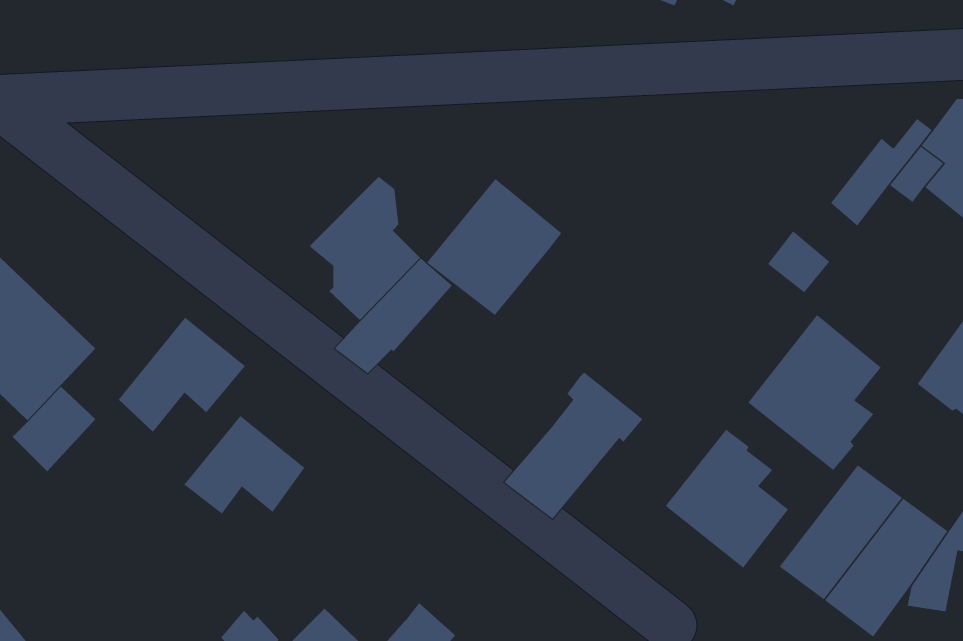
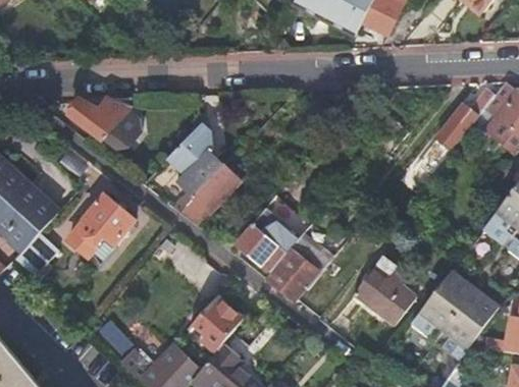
building: none -> [67,98,141,149]
building: [426,178,562,316] -> [236,199,306,270]
building: [747,314,881,471] -> none
building: [184,415,305,515] -> none
building: none -> [190,296,244,352]

